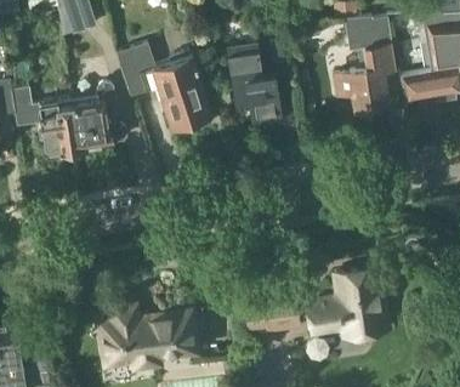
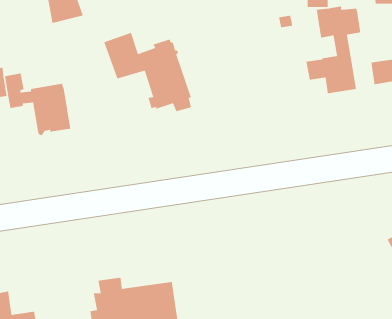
building: [227,47,283,127] -> none
building: [75,85,126,148] -> none
building: [244,269,387,337] -> none

